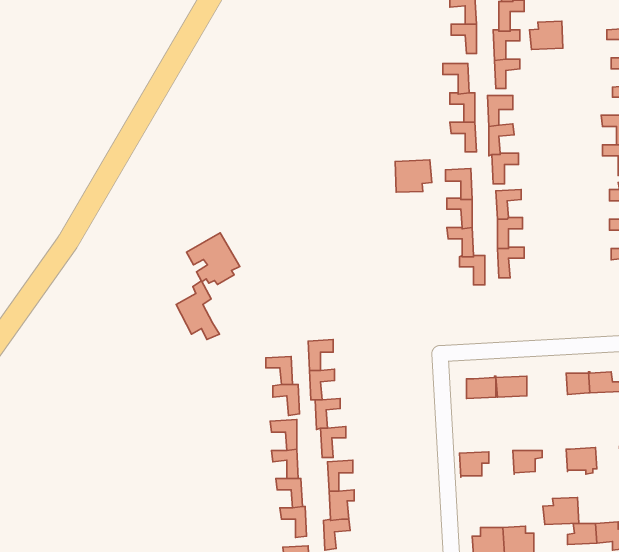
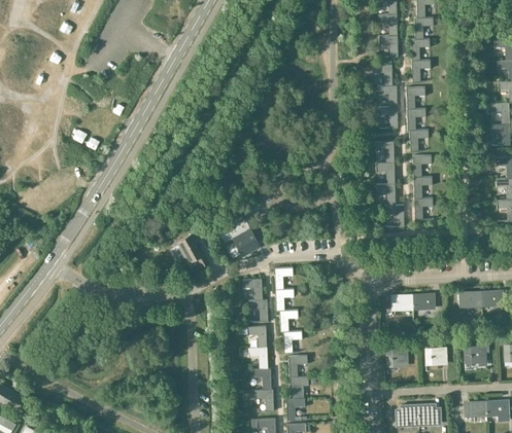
building: [530,21,563,50] -> none
building: [395,160,432,192] -> none
building: [187,233,240,285] -> [219,219,259,257]
building: [543,498,579,525] -> none

